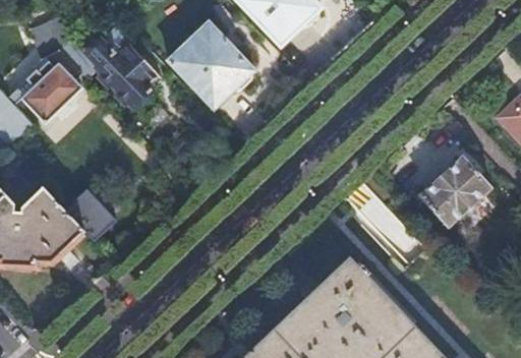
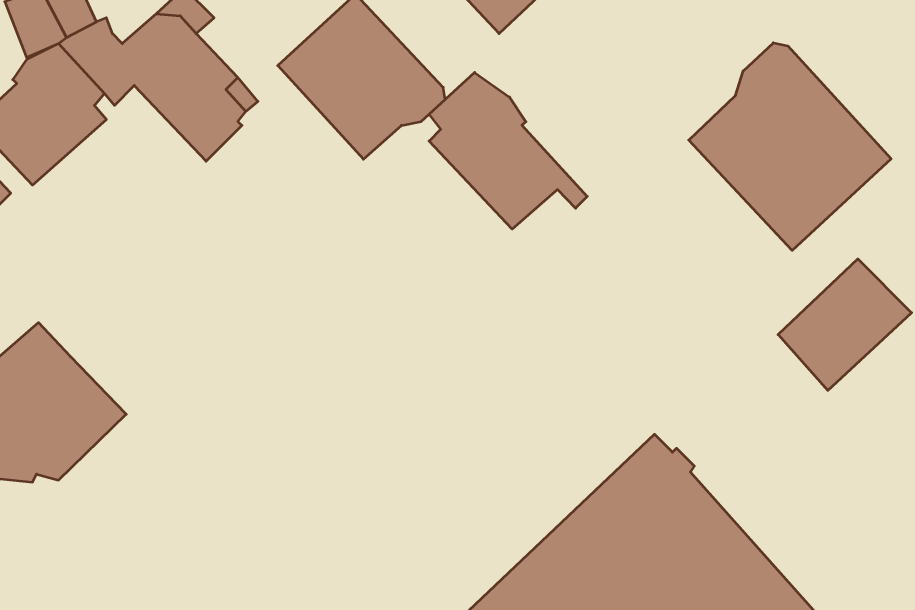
building: none -> [689,43,891,250]
building: none -> [429,72,587,229]
building: [60,188,113,241] -> none

